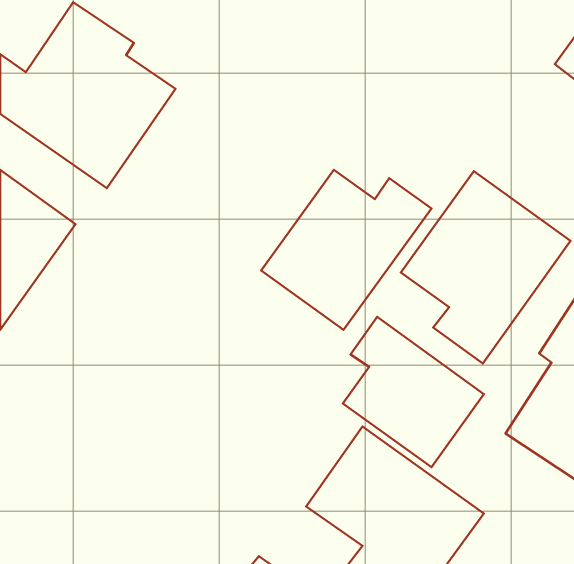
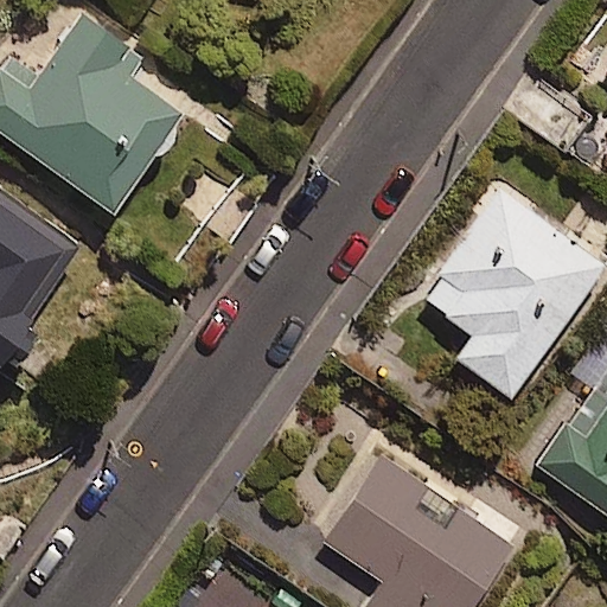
building: [261,170,431,330] -> none
building: [343,317,484,467] -> none

